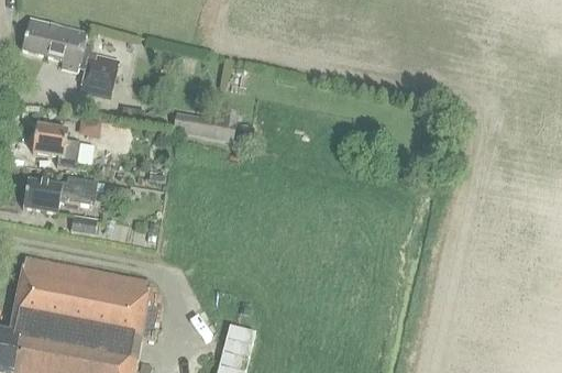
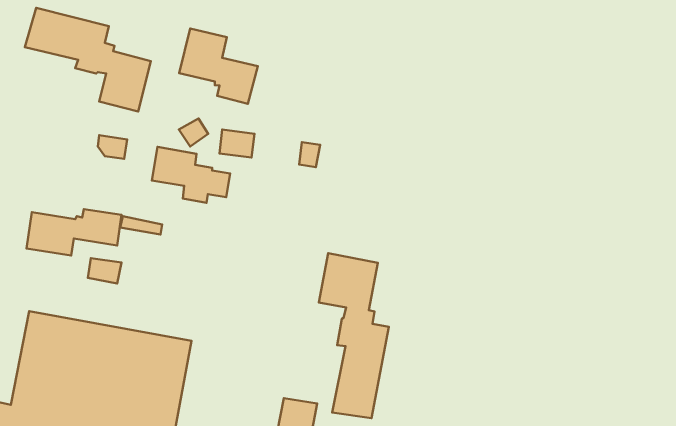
building: none -> [179,29,258,104]
building: [32,124,93,168] -> [152,147,230,203]
building: none -> [319,253,389,418]

